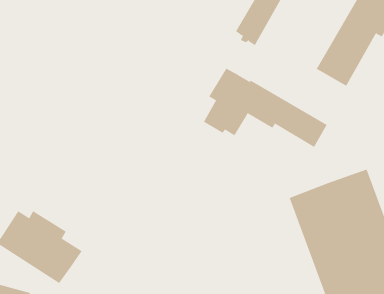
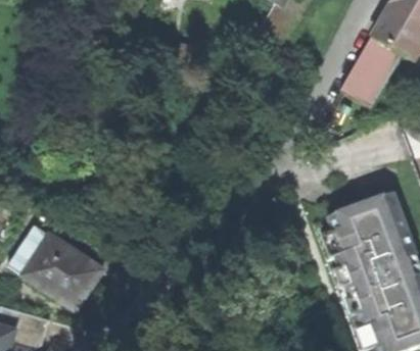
building: [203,68,328,148] -> none

